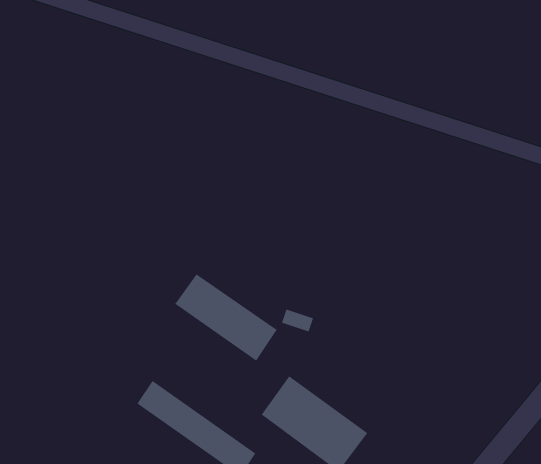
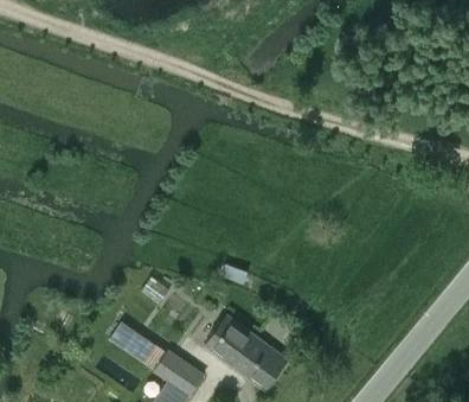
building: [175,273,277,361] -> none

